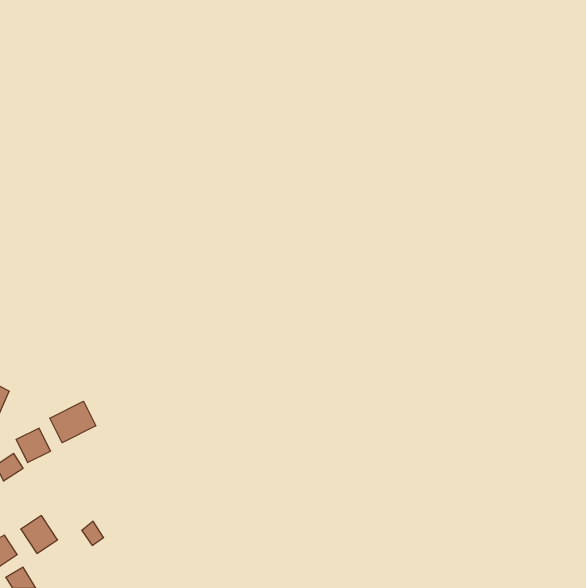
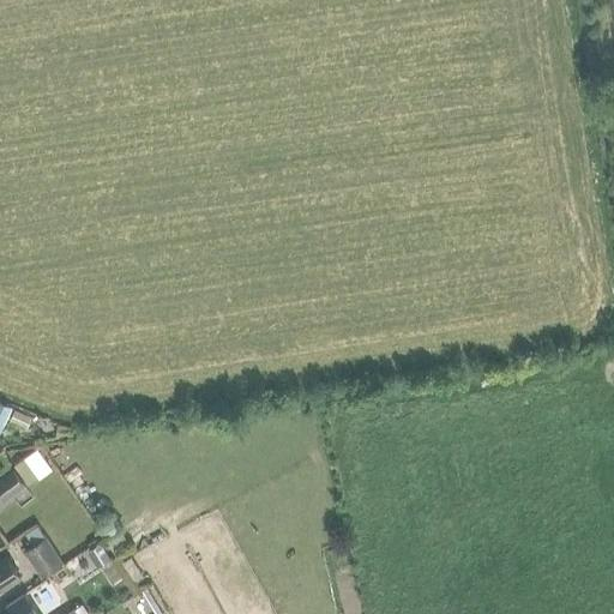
building: [50,401,96,443] -> none

